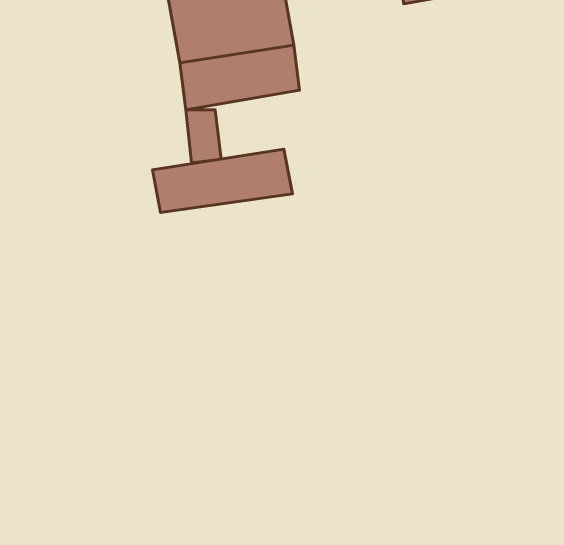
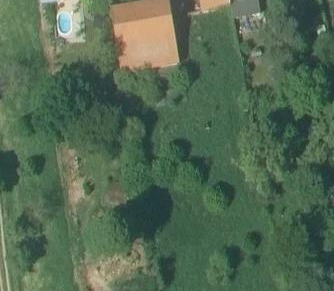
building: [153,149,293,213] -> none

